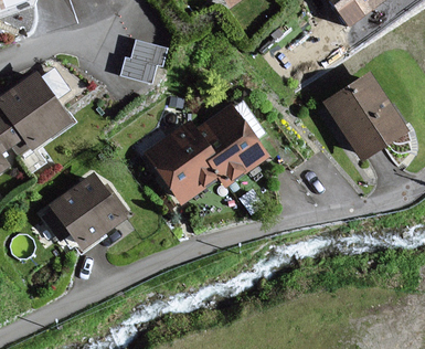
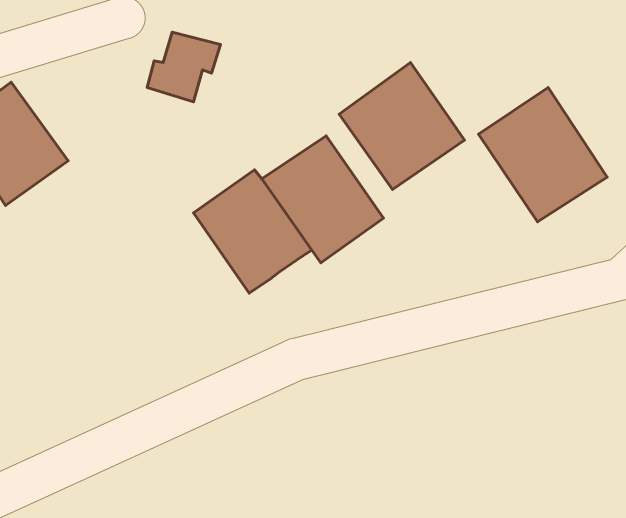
building: none -> [339,63,465,190]
building: [42,171,127,247] -> none

